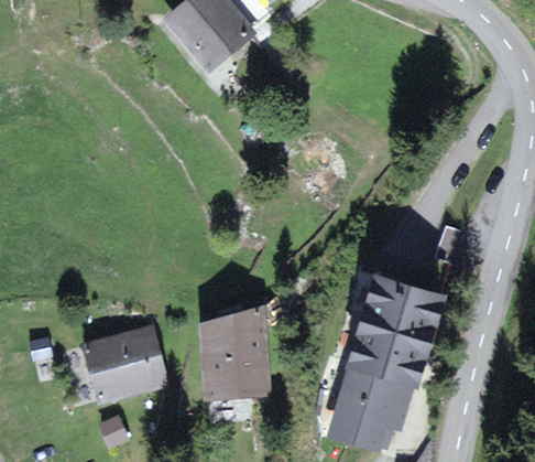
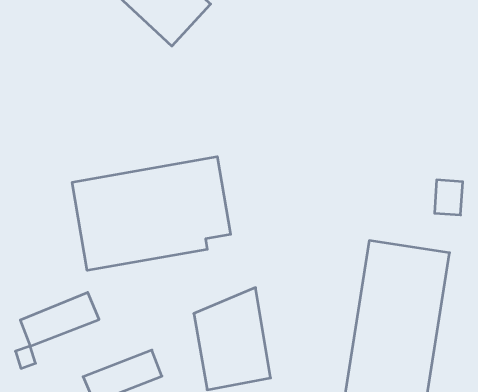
building: none -> [72,157,231,270]
building: [84,327,157,372] -> [20,292,99,346]

